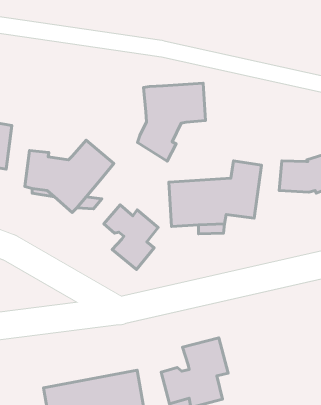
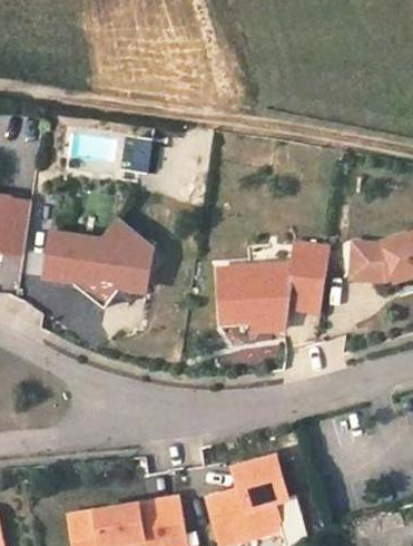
building: [137,83,206,161] -> none
building: [104,205,158,269] -> none

